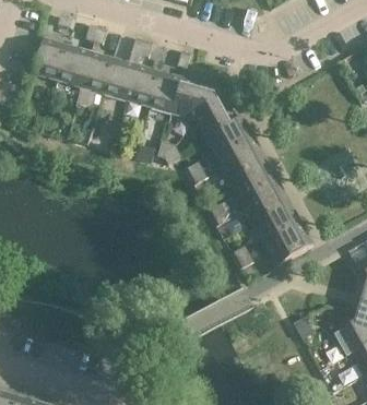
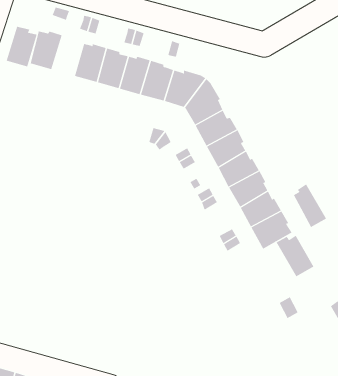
building: [56,45,88,87] -> [6,26,37,67]
building: none -> [293,184,327,228]
building: none -> [276,235,314,277]

